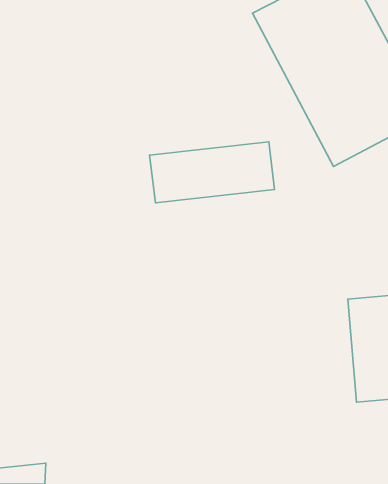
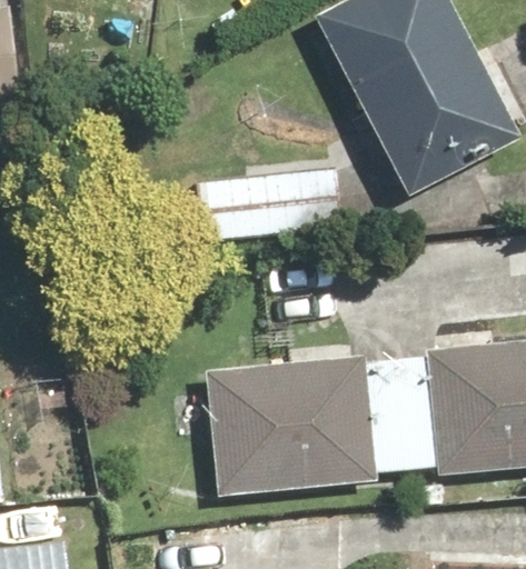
building: none -> [200,361,375,490]

